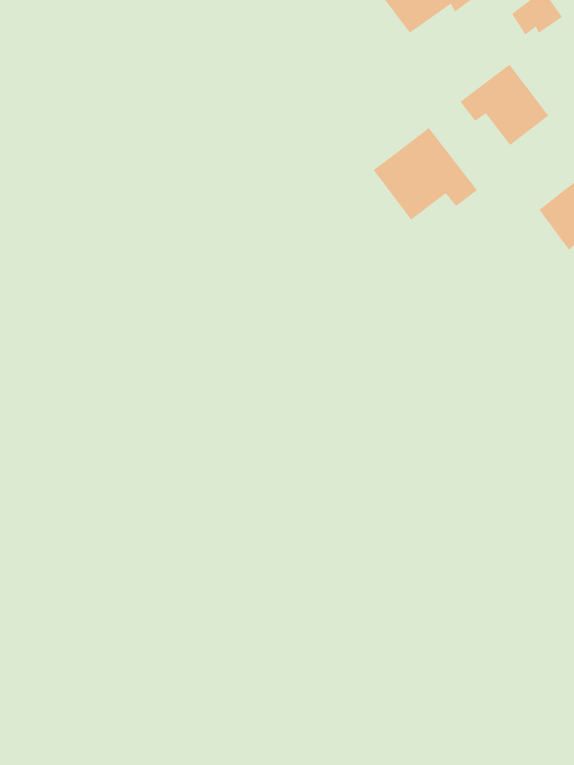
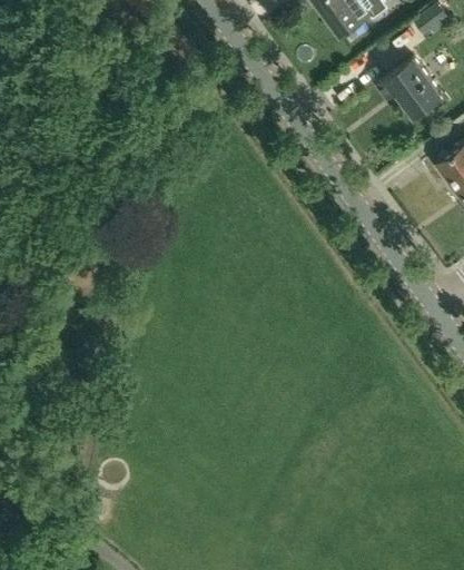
building: [373,127,478,220] -> none

